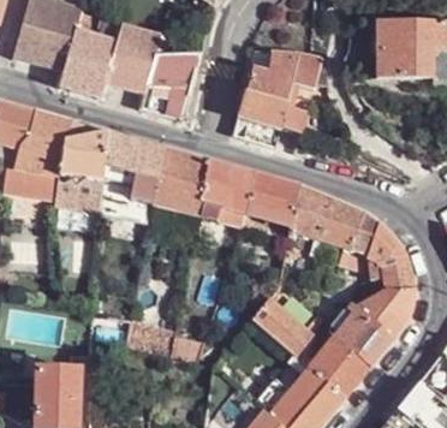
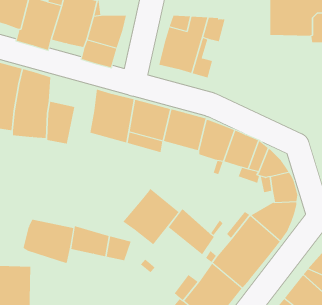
building: [101,132,160,222] -> none
building: none -> [123,188,180,245]
building: none -> [23,219,74,264]

